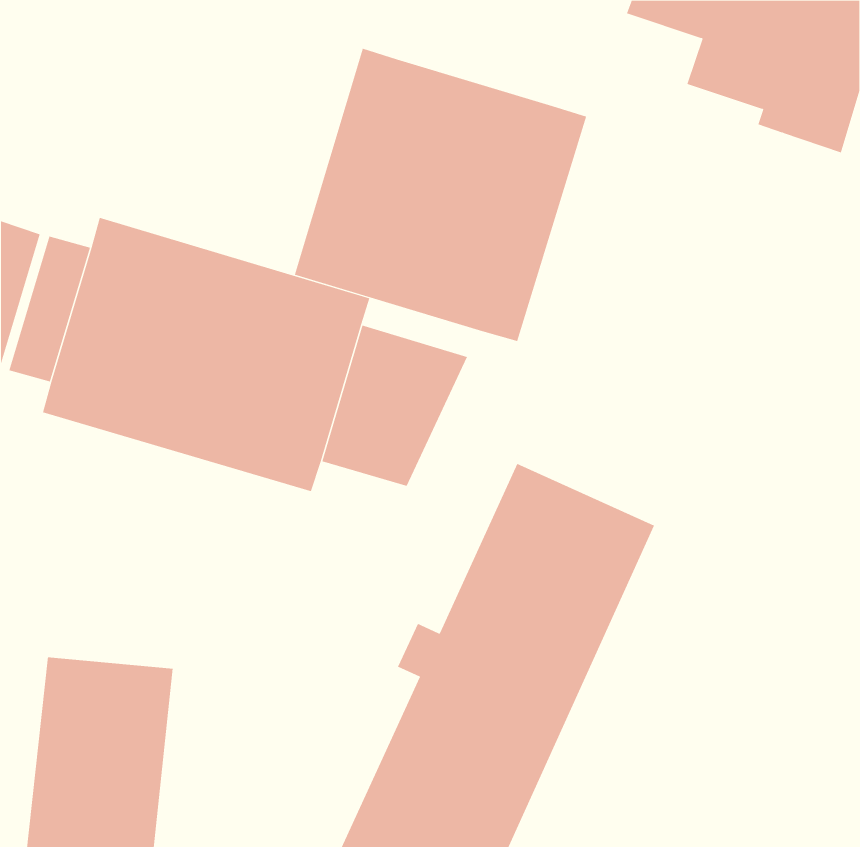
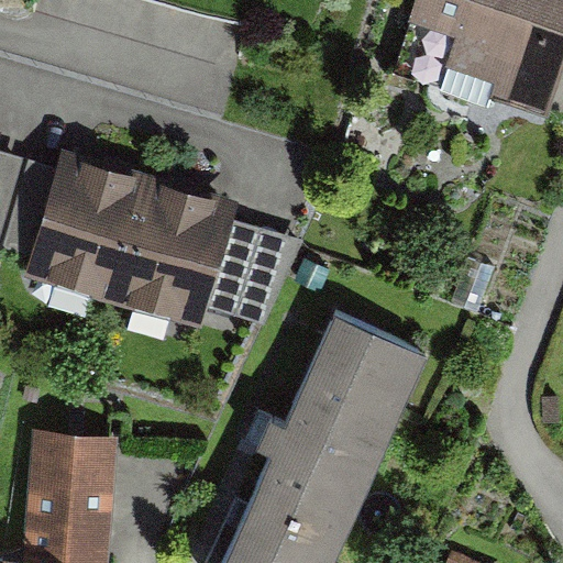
building: [294,48,587,342] -> none

